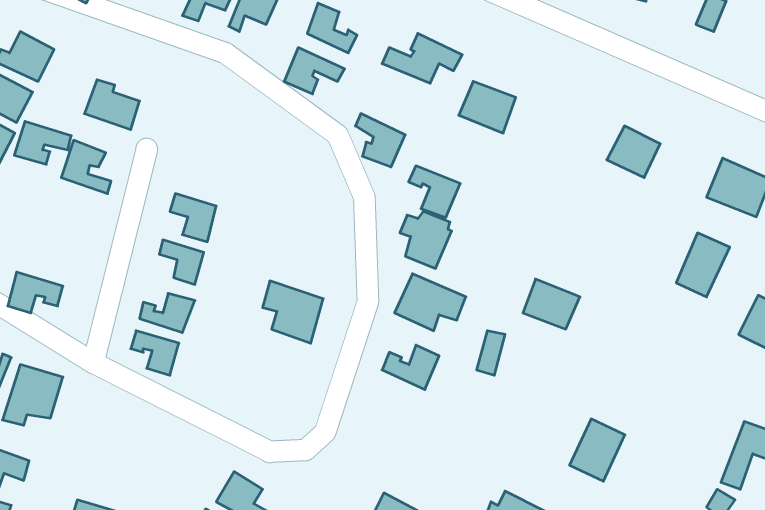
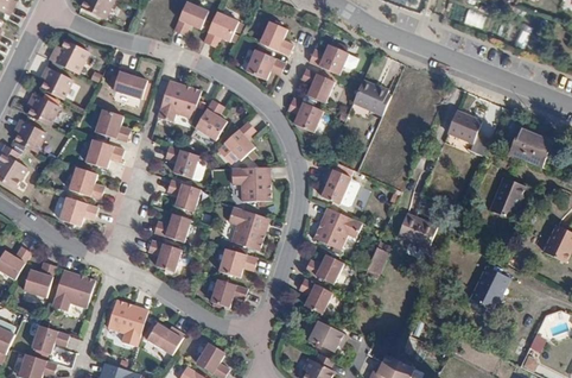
building: none -> [154,90,195,131]
building: [14,121,71,164] -> [83,147,121,176]
building: none -> [192,106,225,146]
building: none -> [221,130,252,166]
building: [409,166,460,217] -> [298,70,332,105]
building: none -> [227,171,263,204]
building: none -> [66,174,102,208]
building: none -> [214,251,254,278]
building: none -> [298,277,330,310]
building: none -> [209,283,246,309]
building: none -> [110,295,148,342]
building: [570,419,625,481] -> [481,269,517,310]
building: none -> [146,316,185,351]
building: none -> [306,316,343,347]

